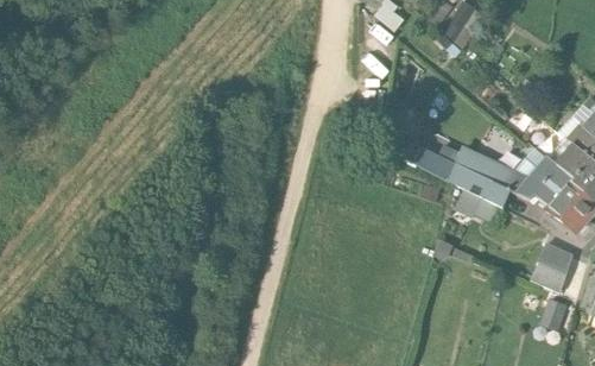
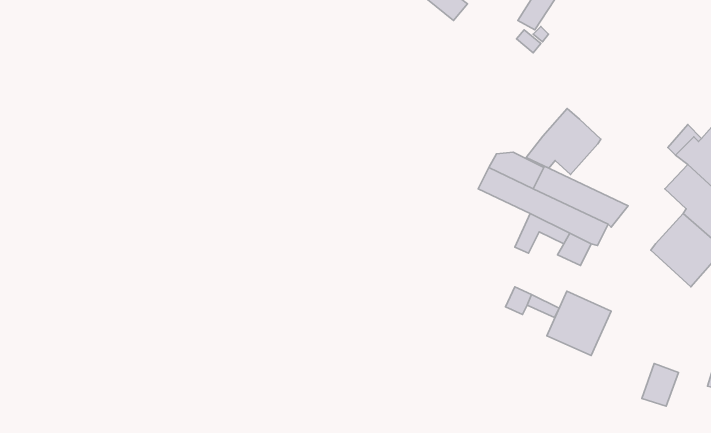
building: [515,156,574,207] -> [526,109,601,174]
building: [530,246,580,296] -> [547,291,611,356]

